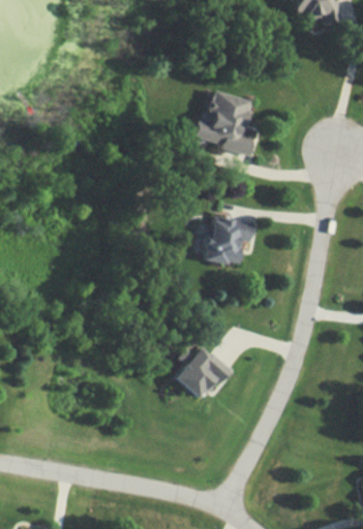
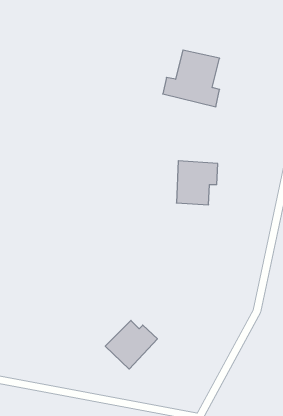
building: [174,347,233,402] -> [105,320,157,369]

